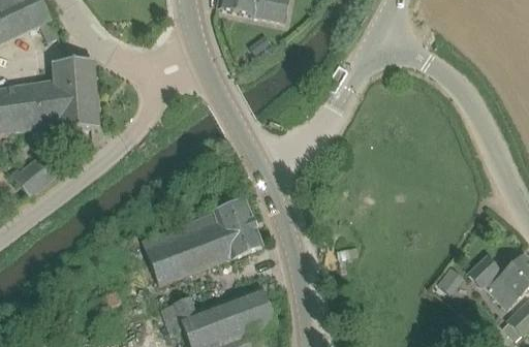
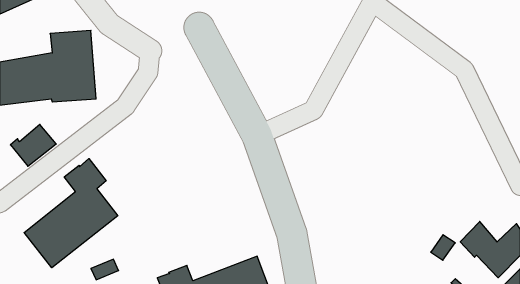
building: none -> [24,159,118,268]
building: [142,198,262,285] -> none

